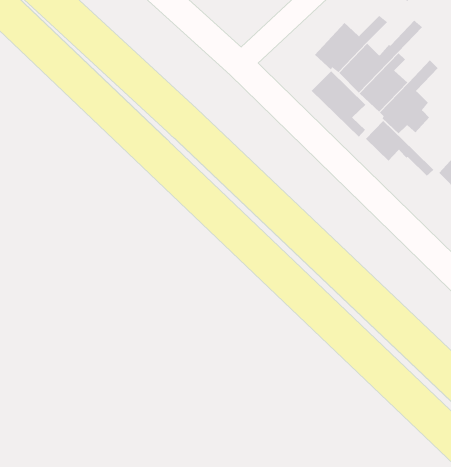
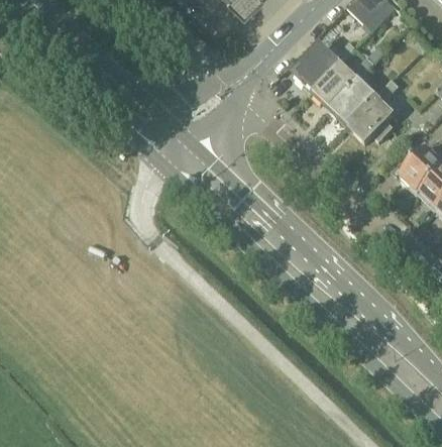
building: [311,70,366,137] -> none
building: [365,120,434,177] -> none

